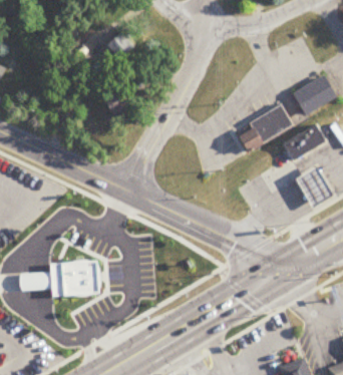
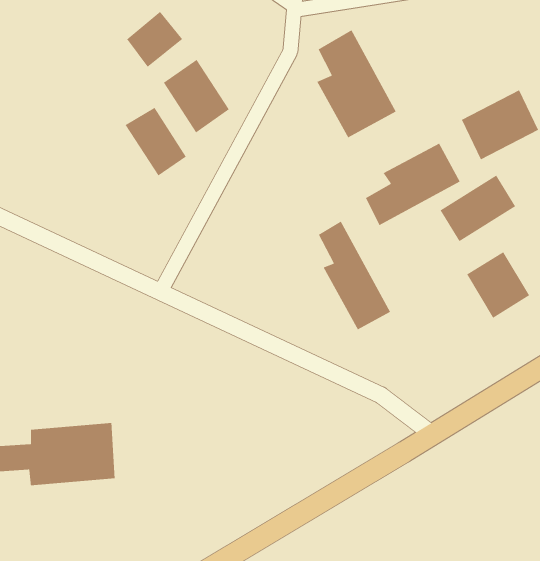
building: none -> [316,29,397,138]
building: none -> [163,59,230,133]
building: none -> [318,220,391,330]

